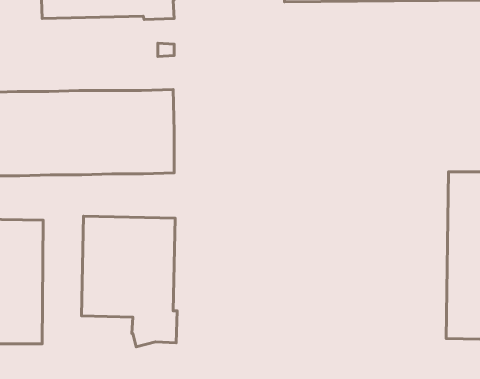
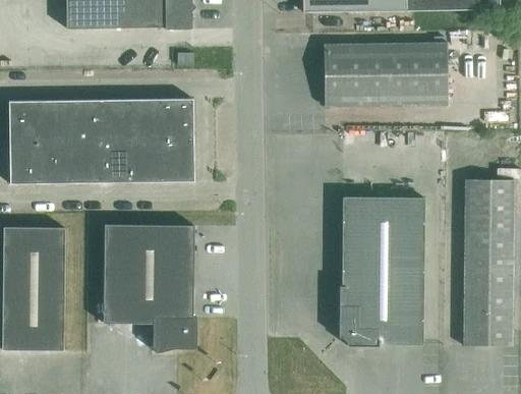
building: none -> [325,42,448,106]
building: none -> [340,196,425,345]

